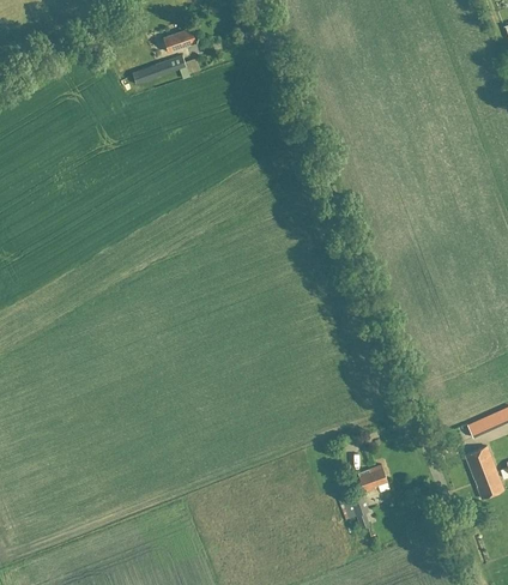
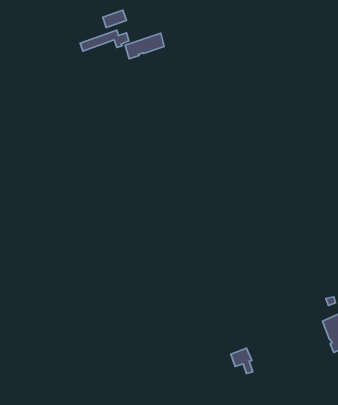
building: none -> [125,33,164,59]
building: [358,464,389,491] -> none

